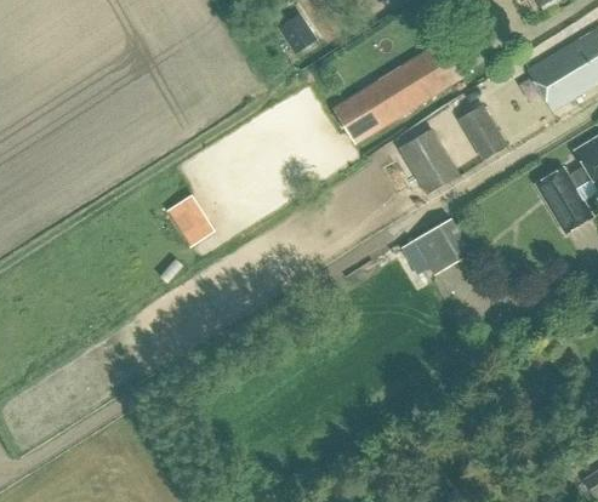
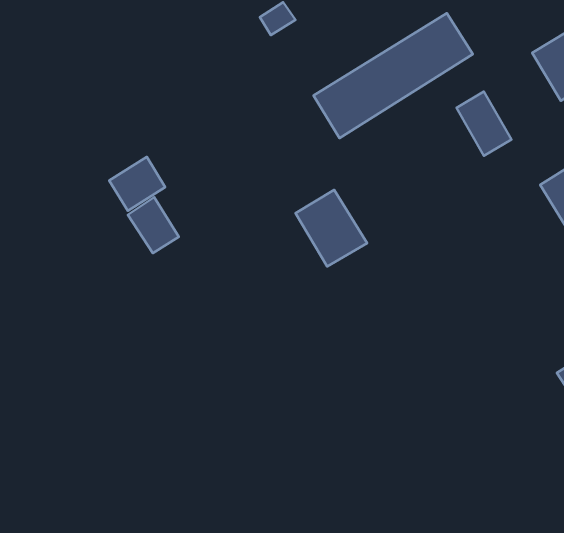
building: [398,127,461,195] -> [296,190,367,267]
building: none -> [109,157,165,211]
building: [414,217,472,274] -> none

